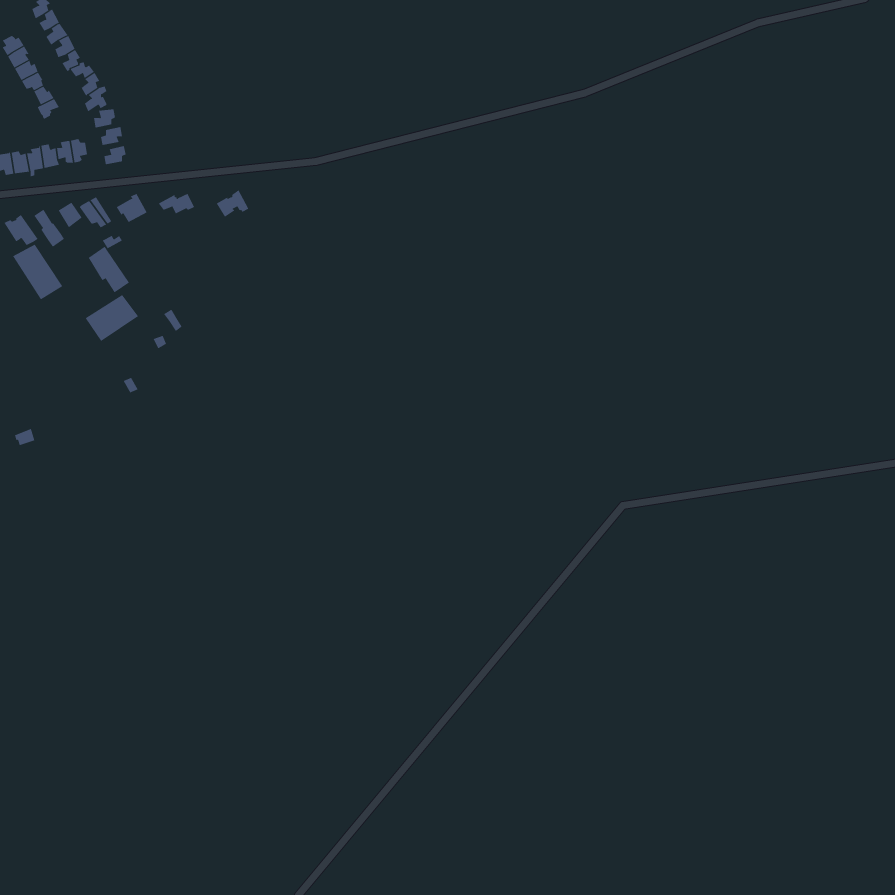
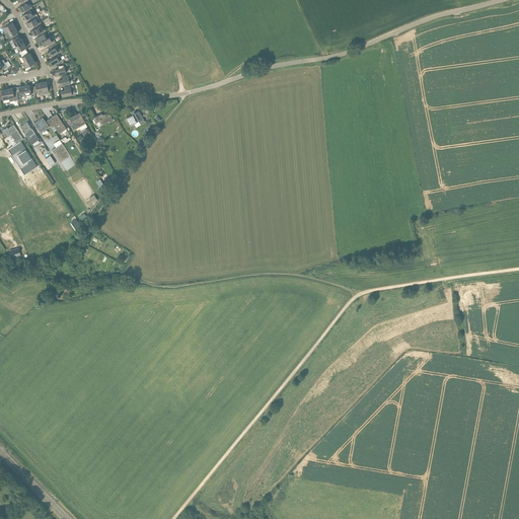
building: [85,294,139,342] -> none

